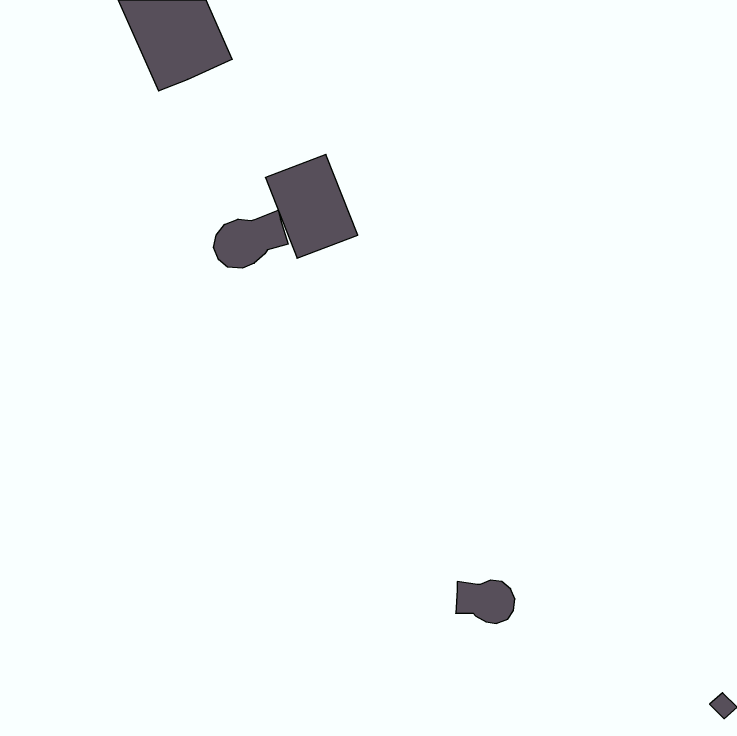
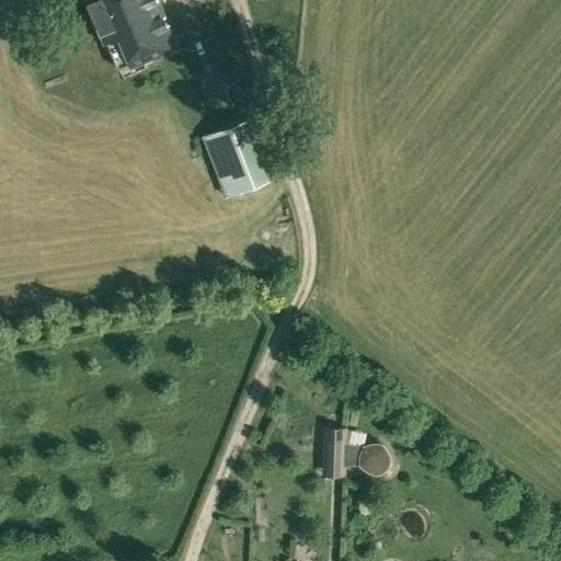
building: [214,210,288,268] -> none
building: none -> [321,426,347,477]

